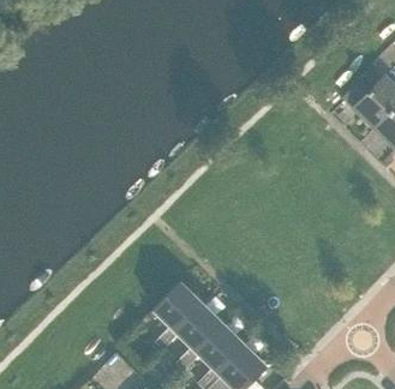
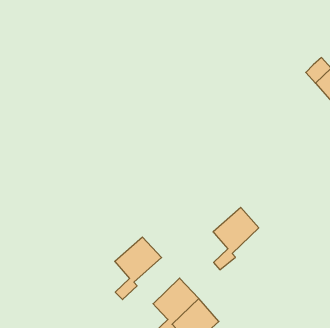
building: [174,303,222,370] -> [213,207,259,270]

